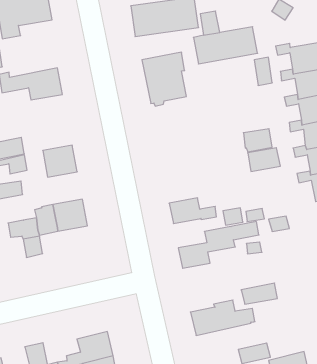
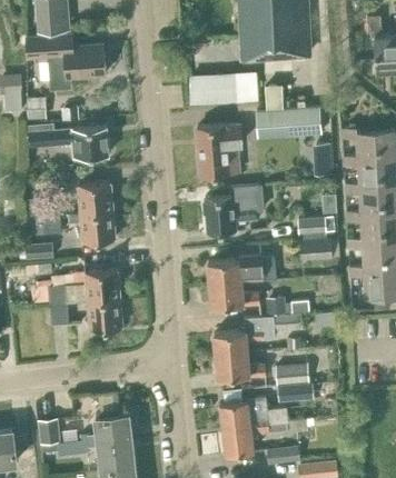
building: none -> [204,186,264,235]
building: none -> [78,183,112,215]
building: none -> [208,257,263,286]
building: none -> [87,300,121,331]
building: none -> [216,355,266,379]
building: none -> [275,365,308,387]
building: none -> [222,422,287,456]

